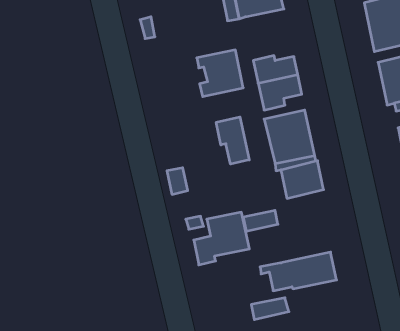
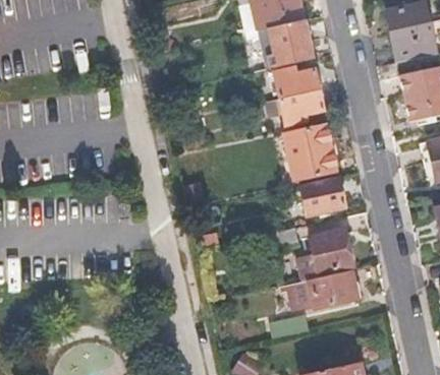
building: [197,50,243,97] -> [265,20,313,68]
building: [216,117,249,164] -> none
building: [194,212,249,265] -> [296,227,353,280]

